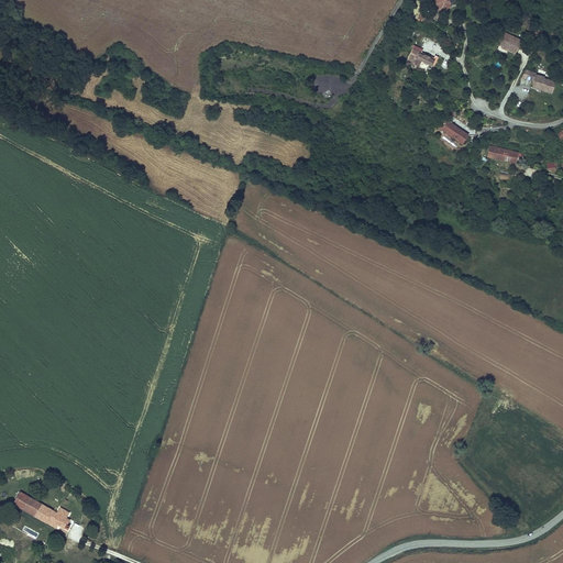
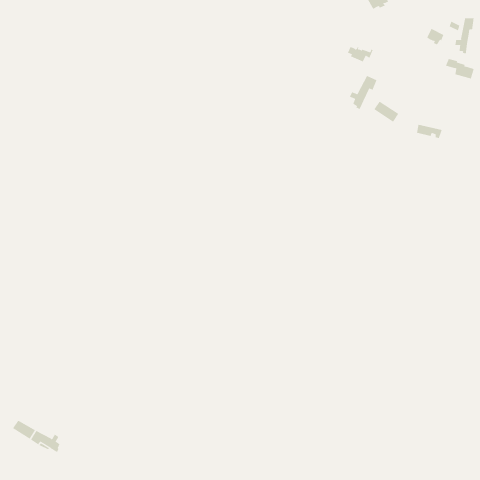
building: none -> [455,18,474,54]
building: none -> [349,75,377,110]

